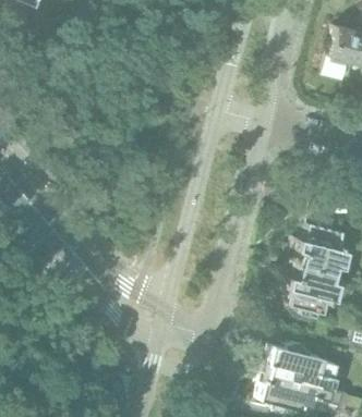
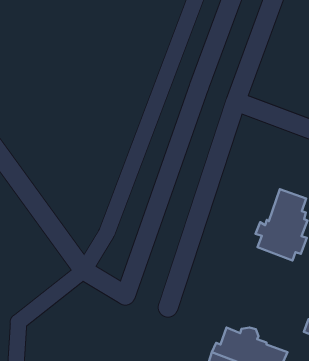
building: [283,261,336,320] -> none

